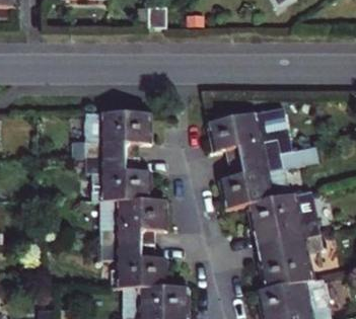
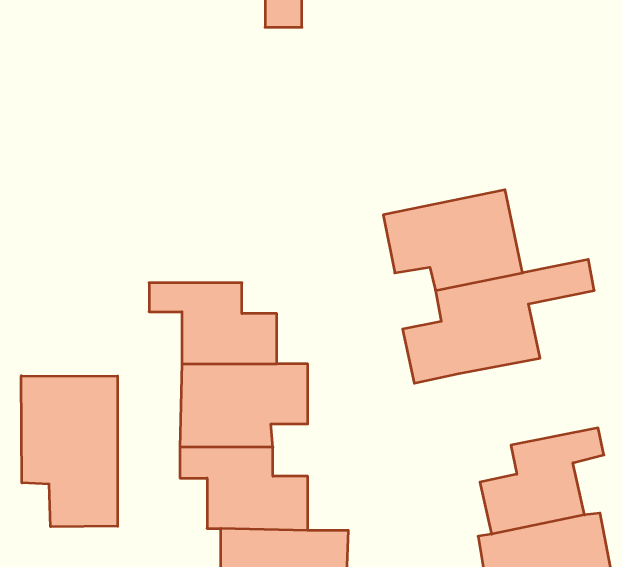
building: [85,113,152,157] -> none
building: [247,192,321,242] -> none
building: none -> [21,376,118,527]

